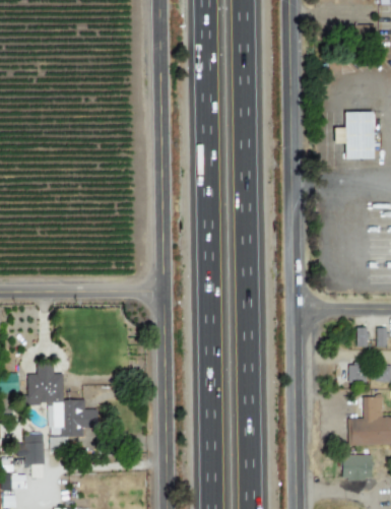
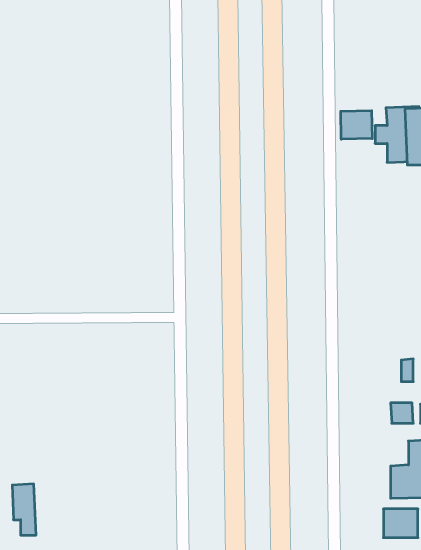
building: none -> [341,111,372,139]
building: [28,363,99,436] -> none

